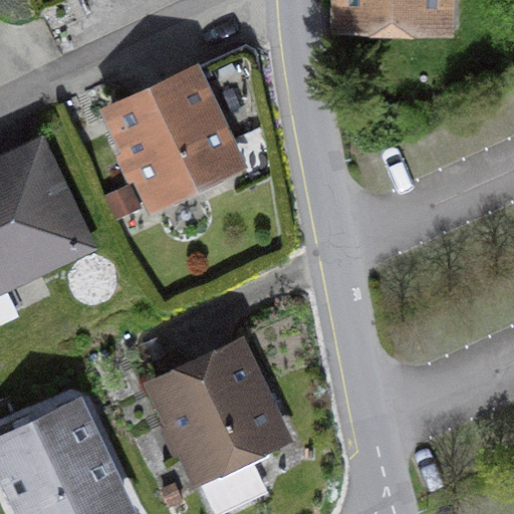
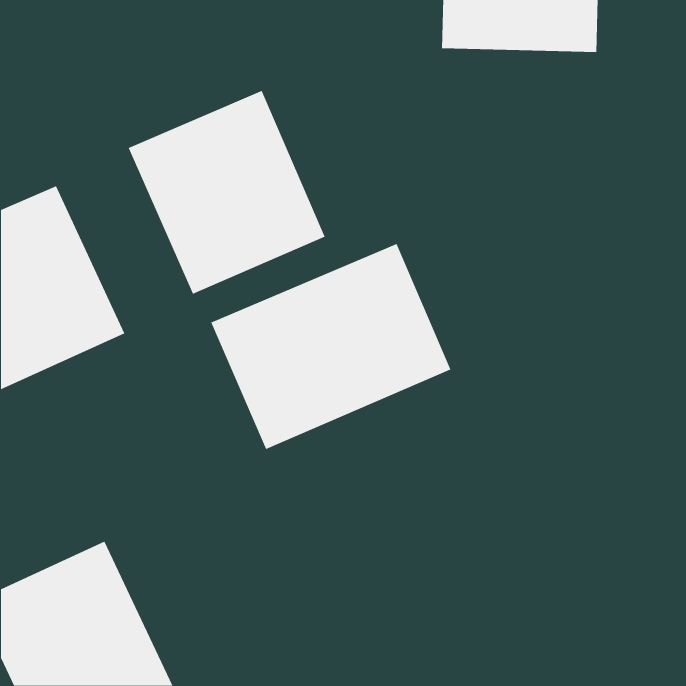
building: none -> [211,243,451,450]
building: [143,334,291,483] -> none

